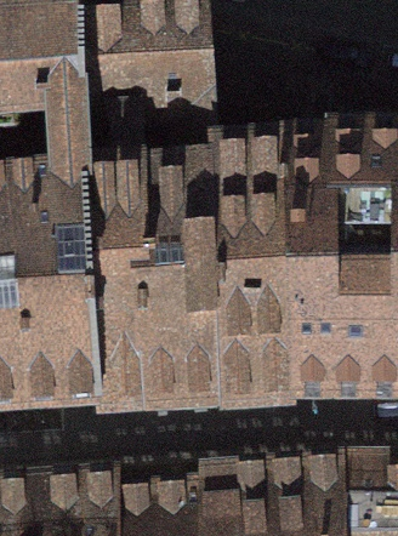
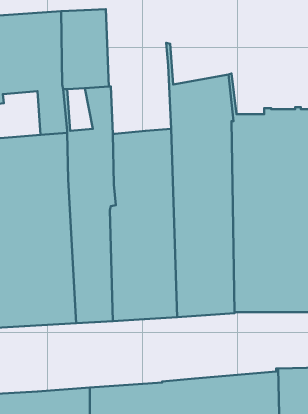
building: [133,10,214,166] -> none

